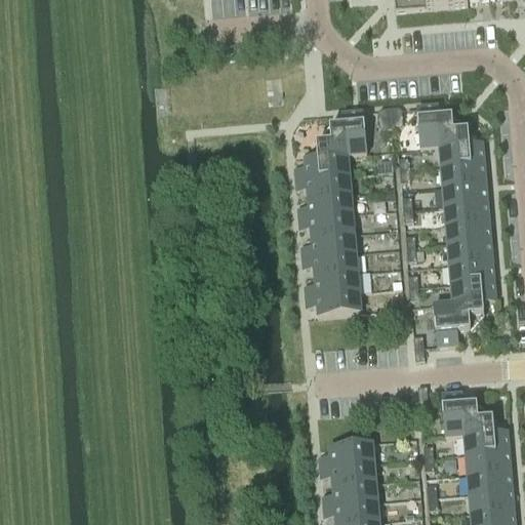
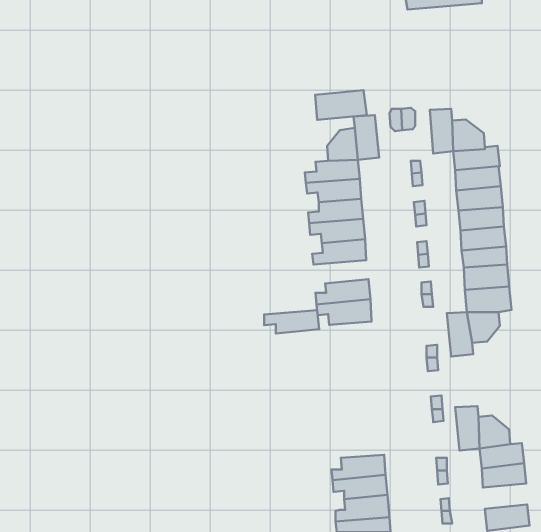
building: none -> [315,90,367,120]
building: [304,252,357,275] -> [264,310,319,334]
building: [468,469,511,493] -> none

